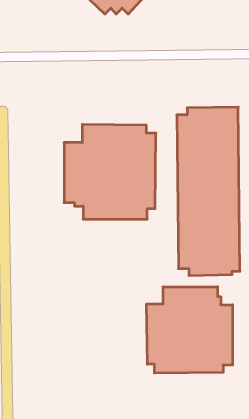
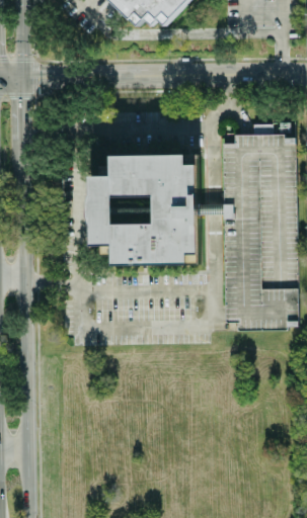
building: [147,287,233,373] -> none

